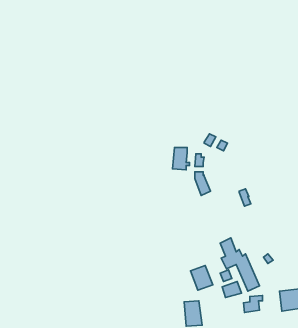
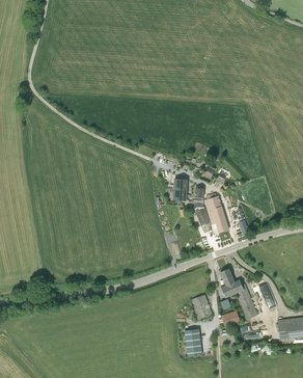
building: none -> [203,192,227,232]

